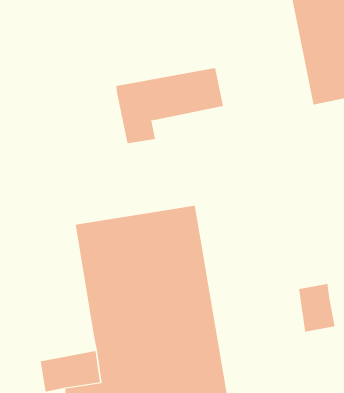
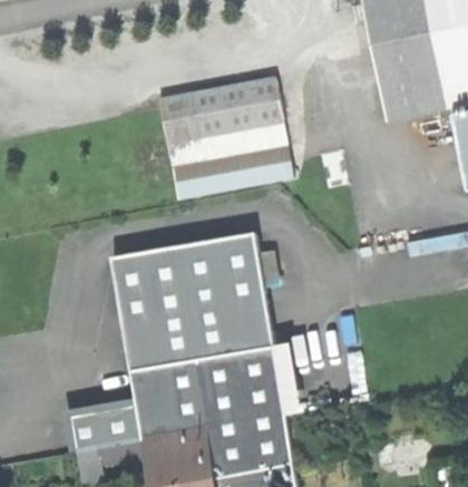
building: none -> [173,123,293,198]
building: [298,283,335,332] -> none

